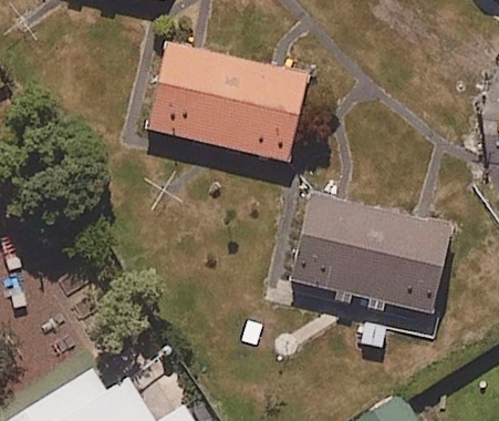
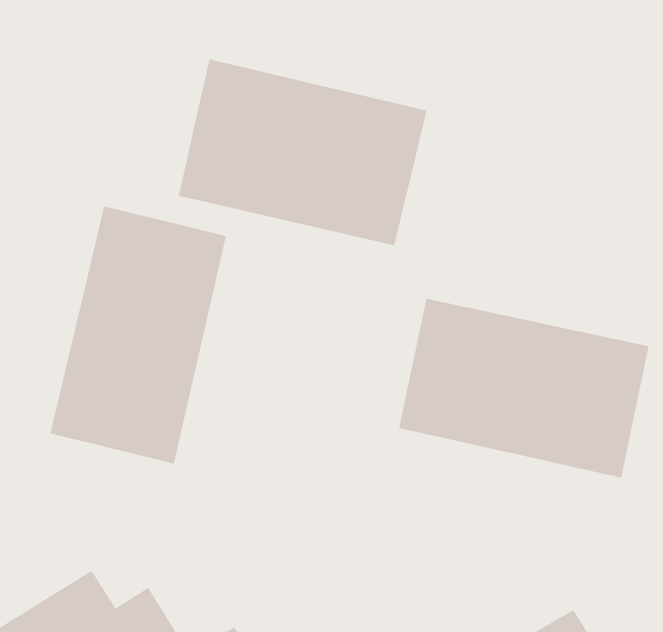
building: none -> [50,206,227,464]

